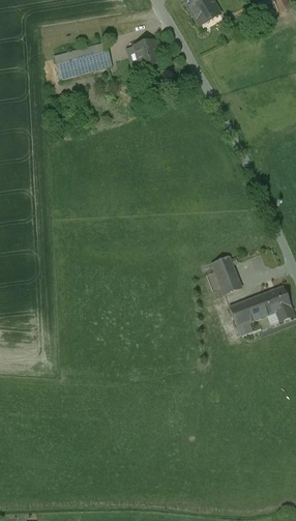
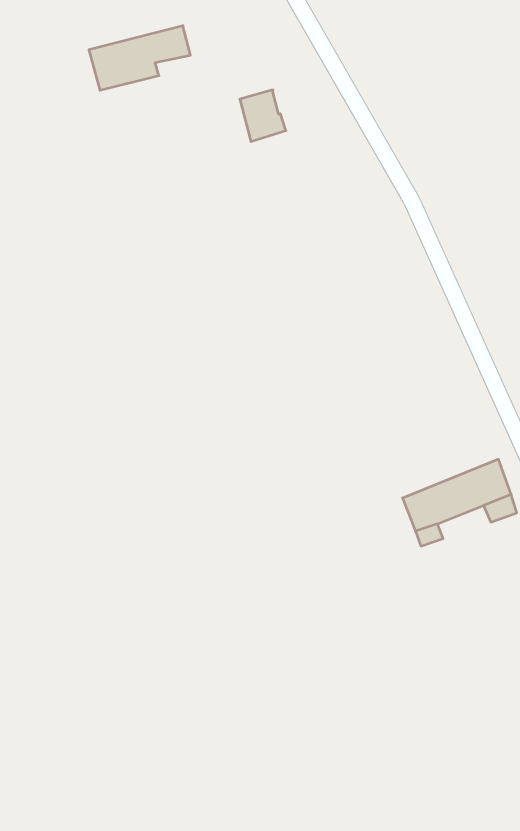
building: [134,39,159,68] -> [240,90,286,142]
building: [211,257,240,294] -> none

